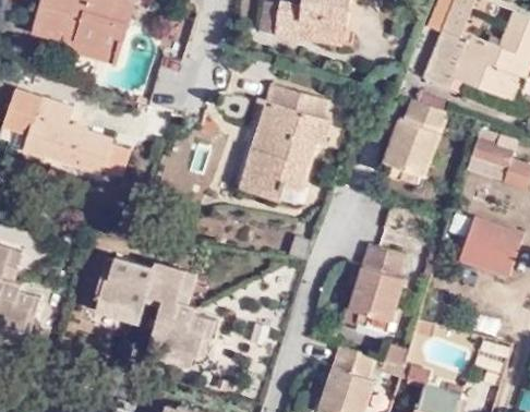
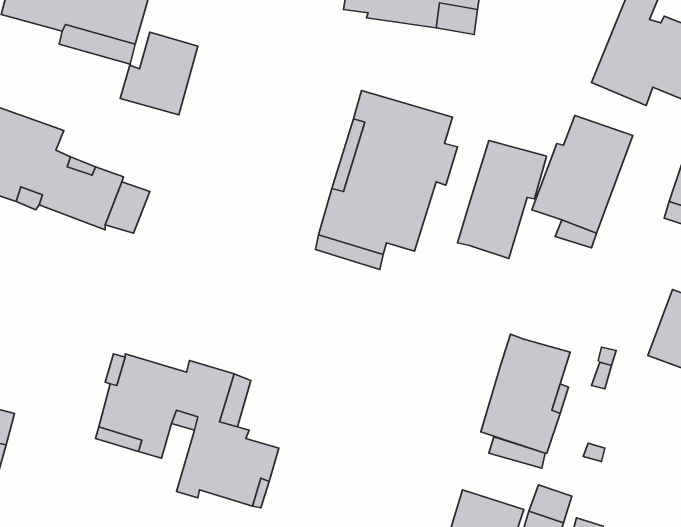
building: none -> [120,32,198,115]
building: none -> [458,140,547,258]

